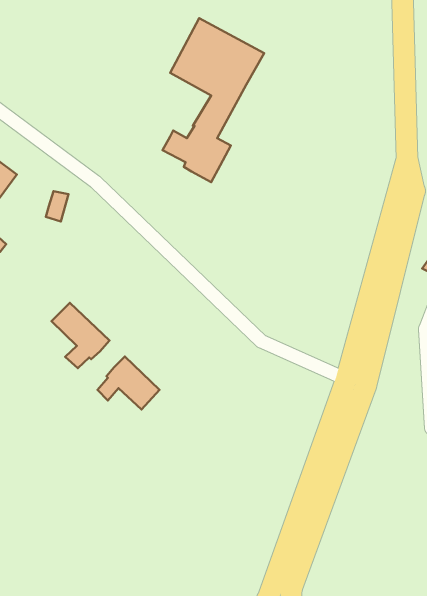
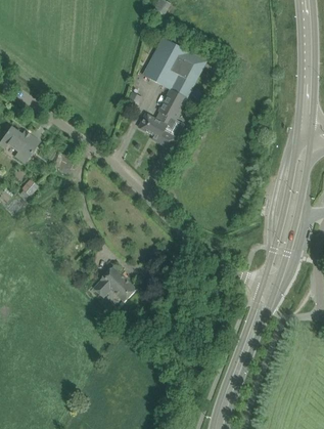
building: [51,303,110,368] -> none

